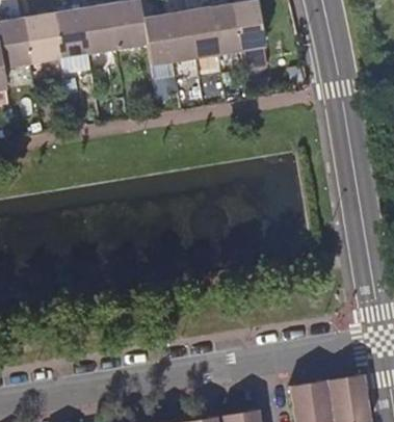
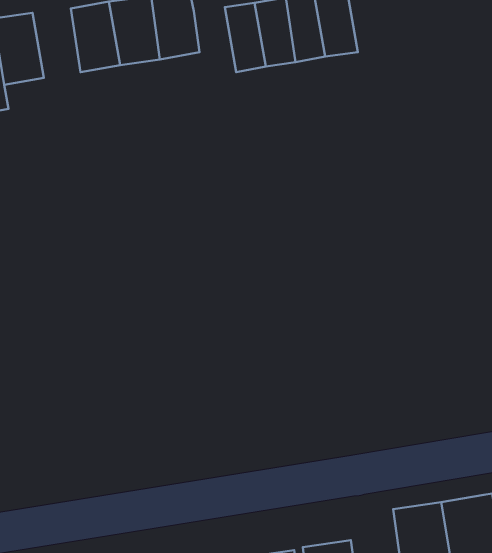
building: [145,15,176,67] -> none
building: [26,16,61,67] -> none

